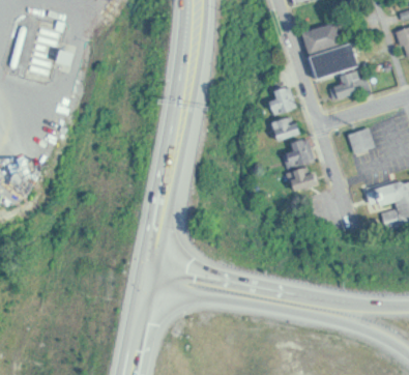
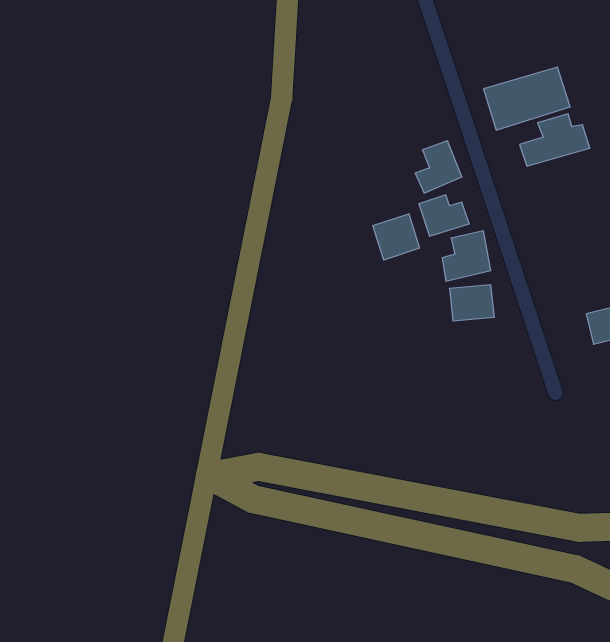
building: [300,22,340,53] -> none
building: [347,127,374,154] -> none
building: none -> [373,214,420,260]

